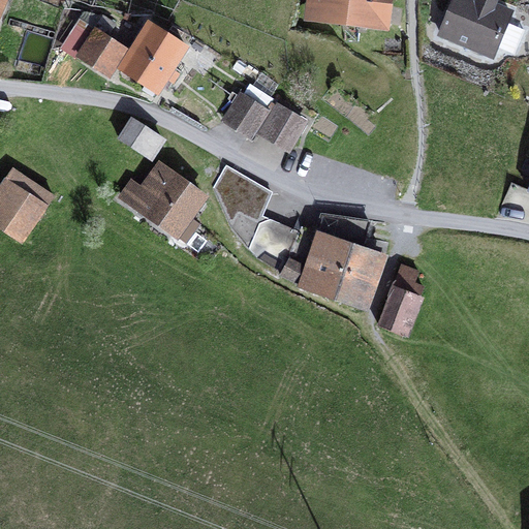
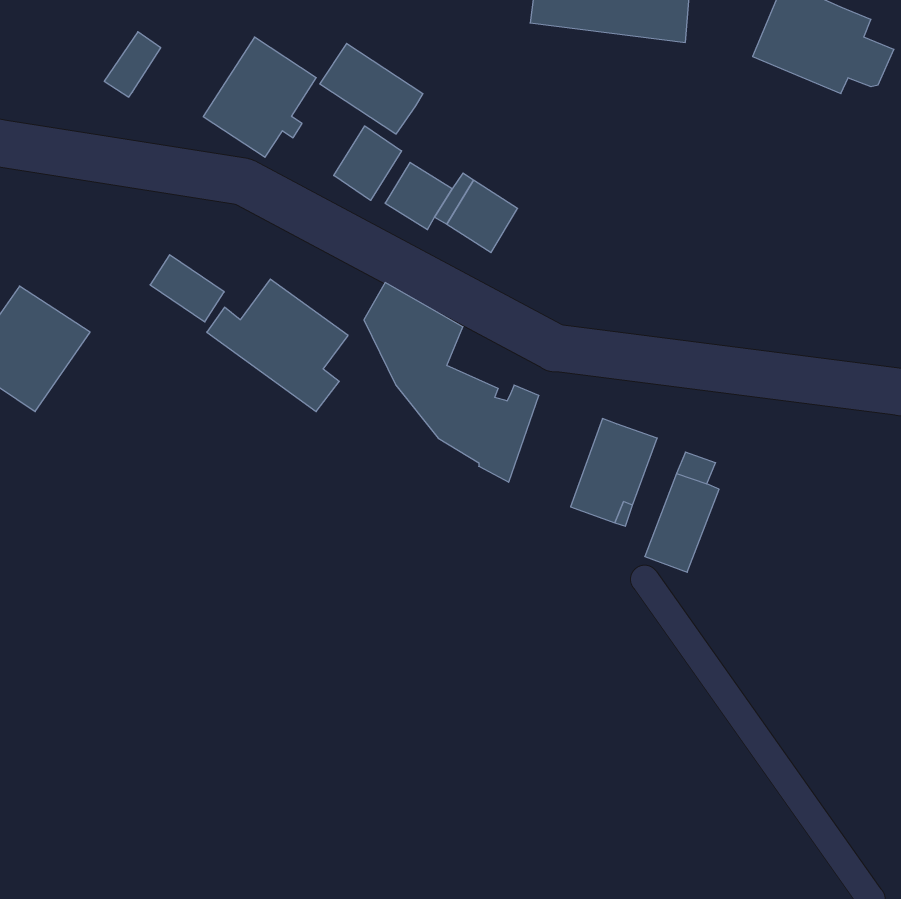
building: [77,15,125,74] -> none
building: none -> [320,43,423,134]
building: none -> [334,126,402,200]
building: [119,119,162,158] -> [150,255,224,322]
building: [298,215,369,297] -> none

